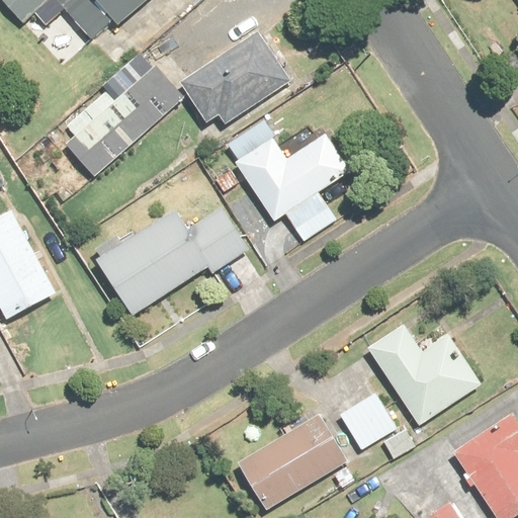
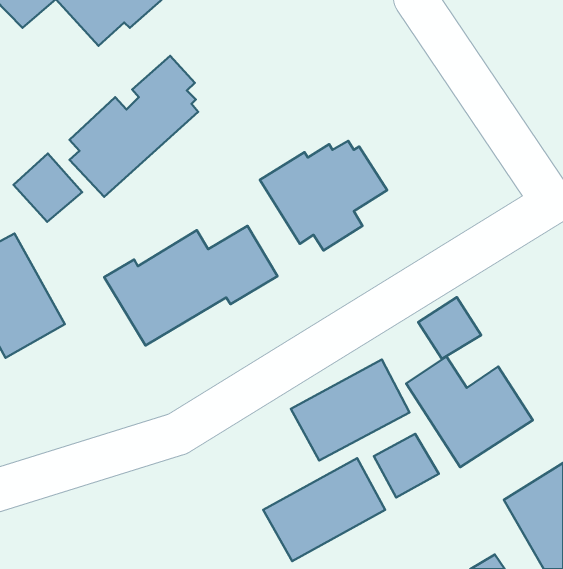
building: [179,28,292,125] -> none
building: none -> [13,154,82,222]
building: none -> [418,297,481,359]
building: none -> [291,360,410,461]

